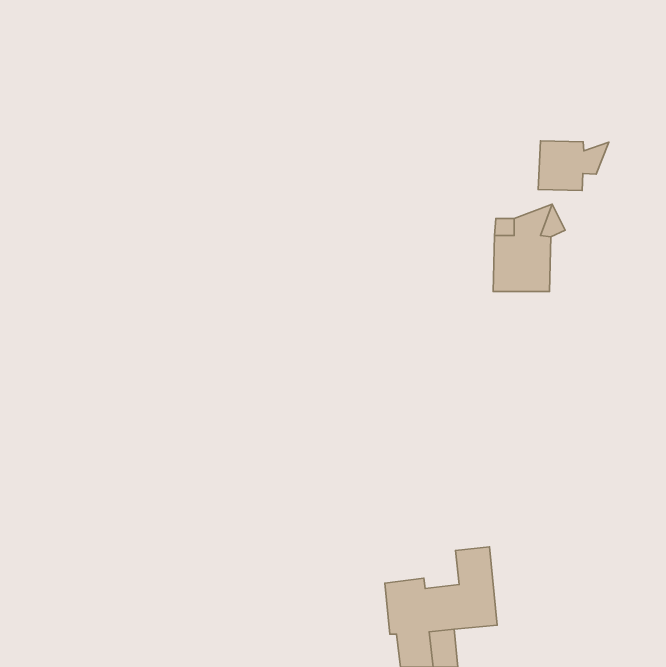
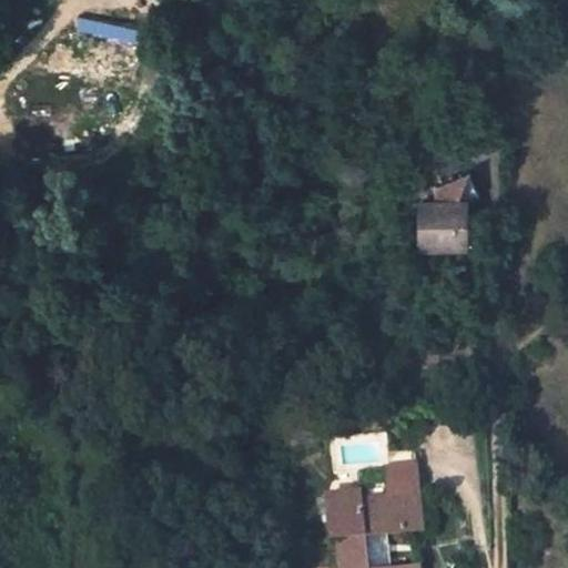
building: [538,141,609,190] -> none

